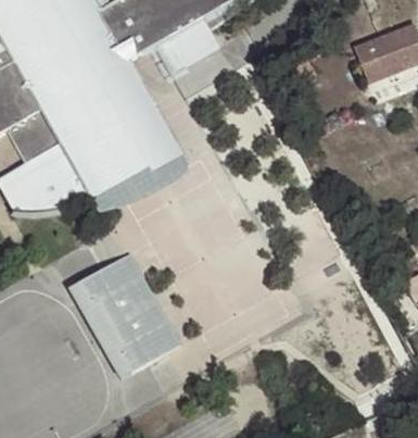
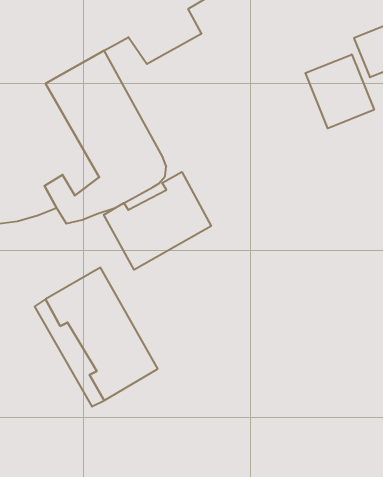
building: none -> [305,54,374,128]
building: none -> [104,172,211,270]

